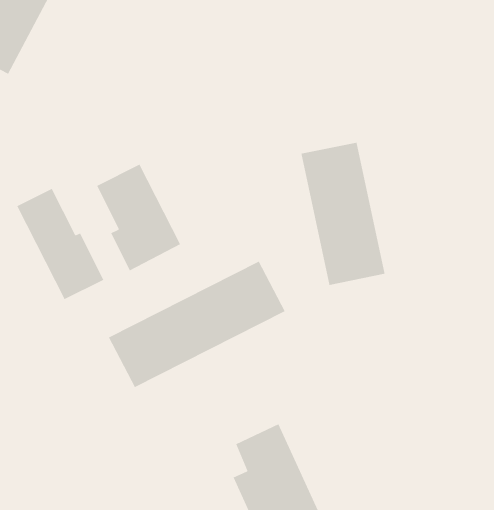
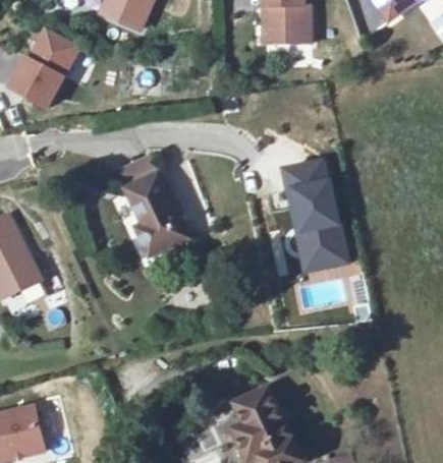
building: [16,188,104,300] -> none
building: [108,260,286,388] -> none

